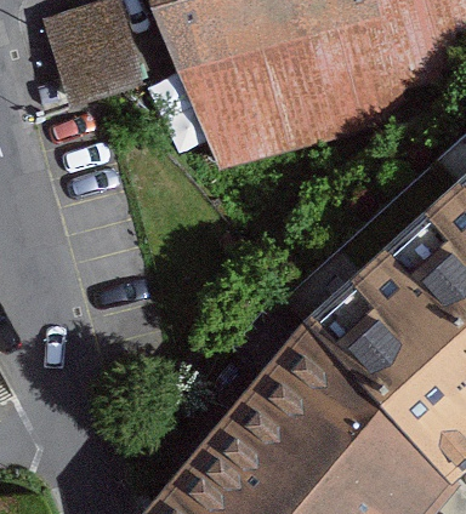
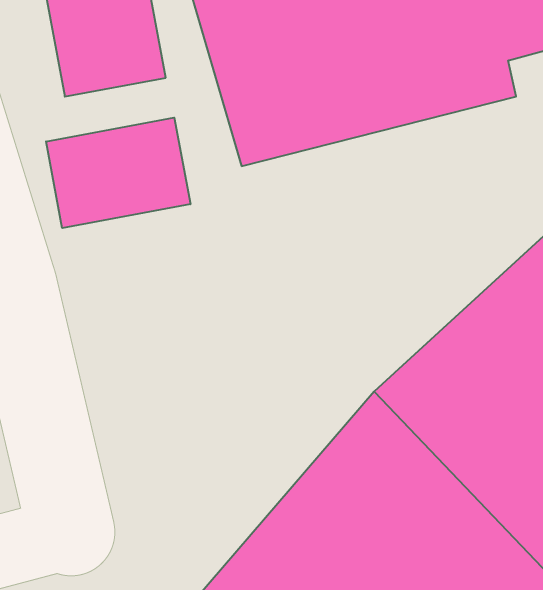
building: none -> [46,118,190,228]

